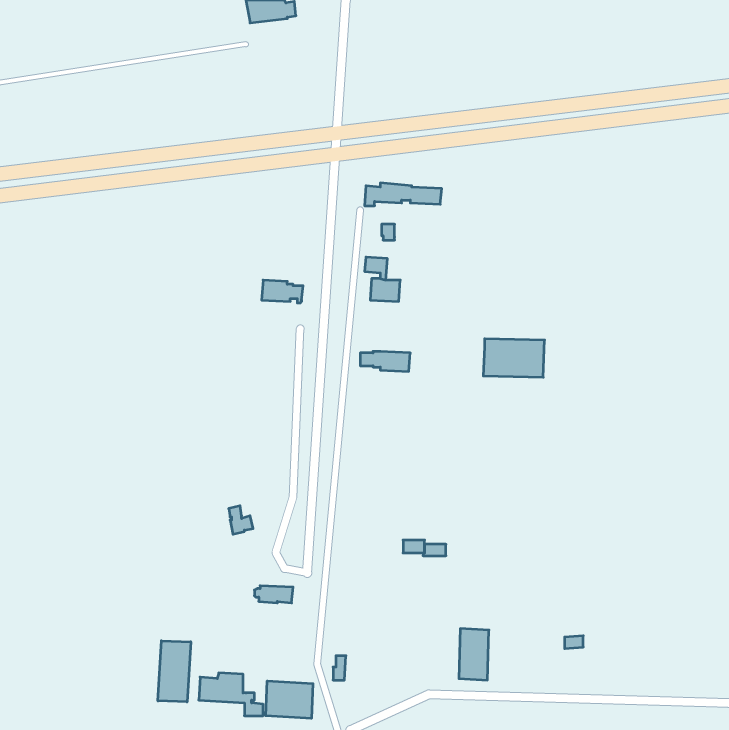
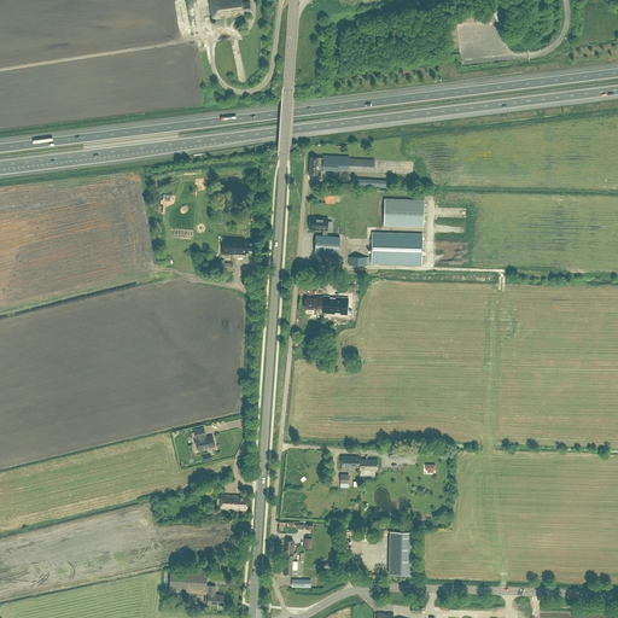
building: none -> [383,198,422,226]
building: [483,339,545,377] -> [369,232,421,264]
building: [158,641,191,702] -> none
building: [266,681,313,718] -> none

